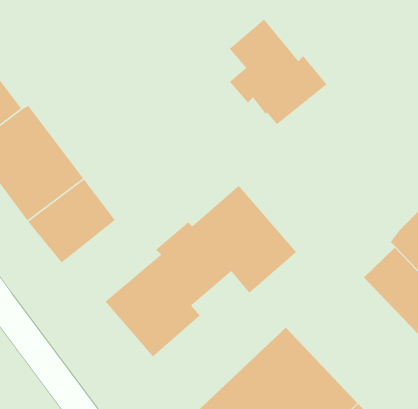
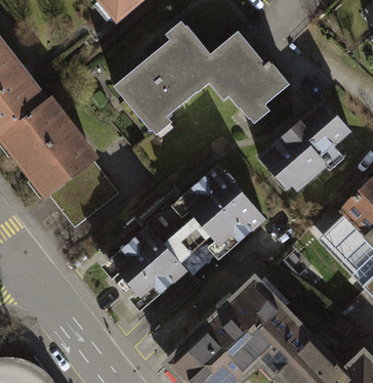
building: none -> [115,26,223,130]
building: none -> [260,100,351,190]

